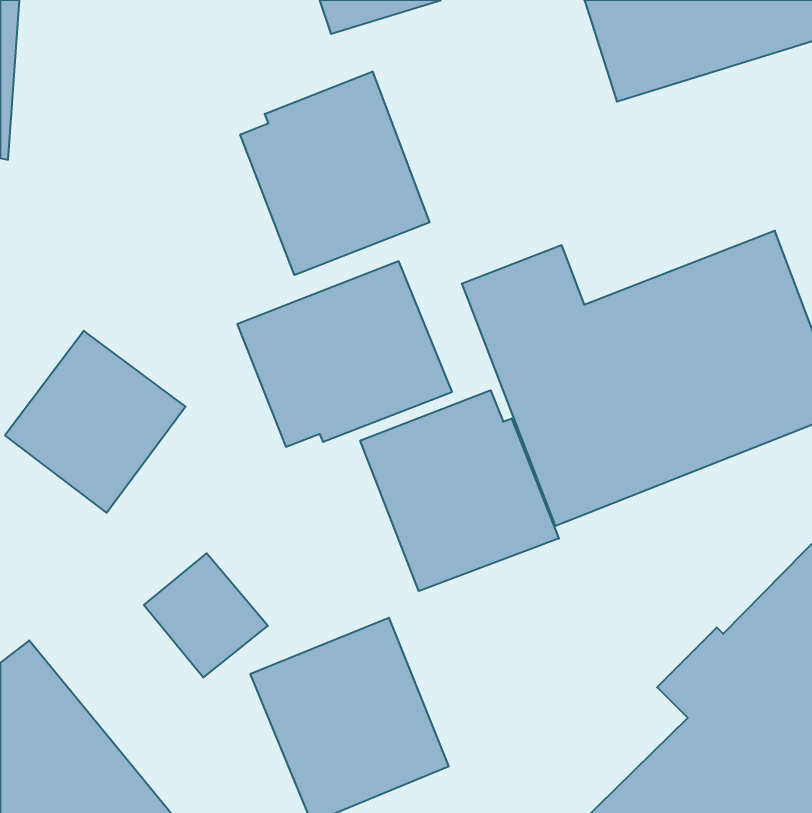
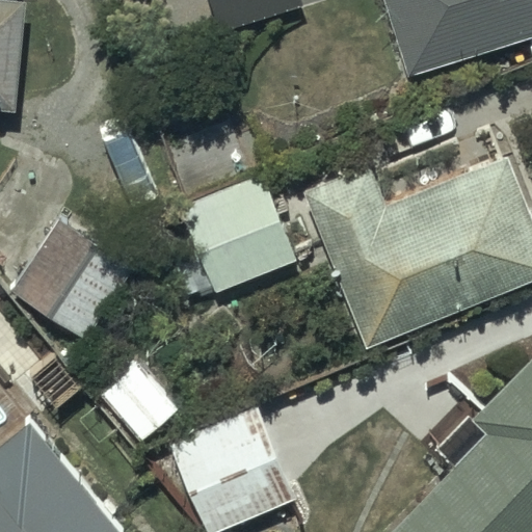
building: [240,71,430,275] -> none
building: [360,390,559,591] -> none

